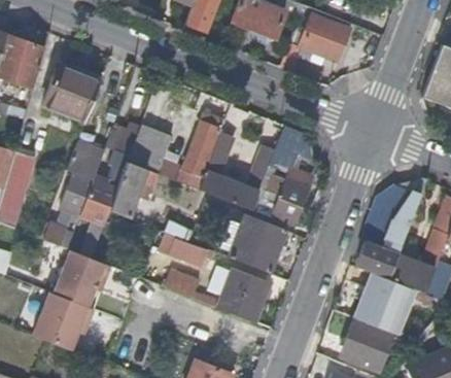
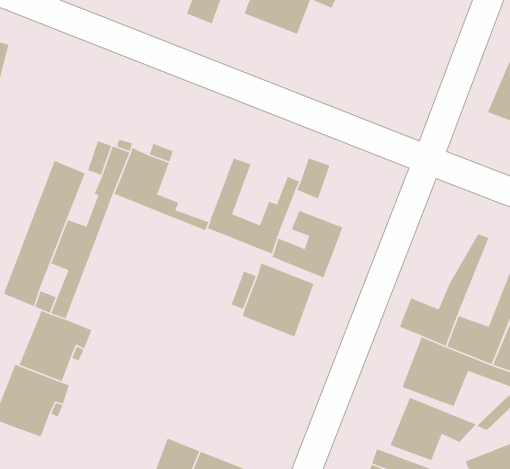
building: [279,15,350,70] -> none
building: [46,58,106,116] -> none
building: [181,112,220,178] -> none
building: [109,161,148,217] -> none
building: [365,195,407,250] -> none
building: [164,233,218,271] -> none
building: [165,268,269,322] -> none

